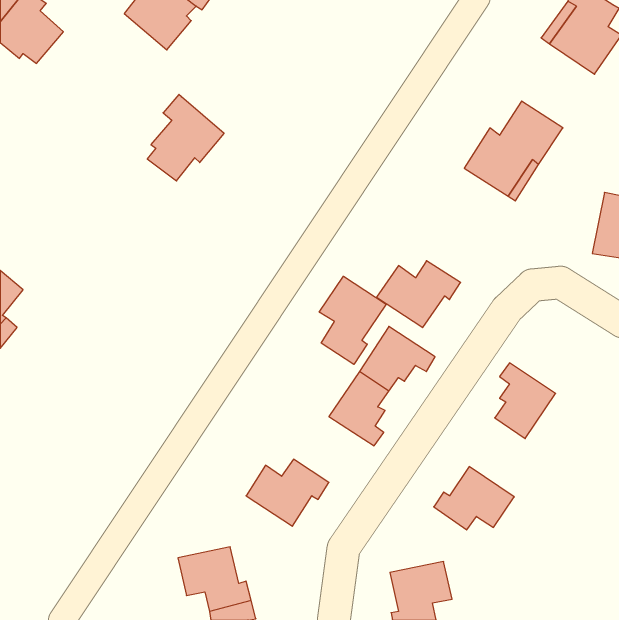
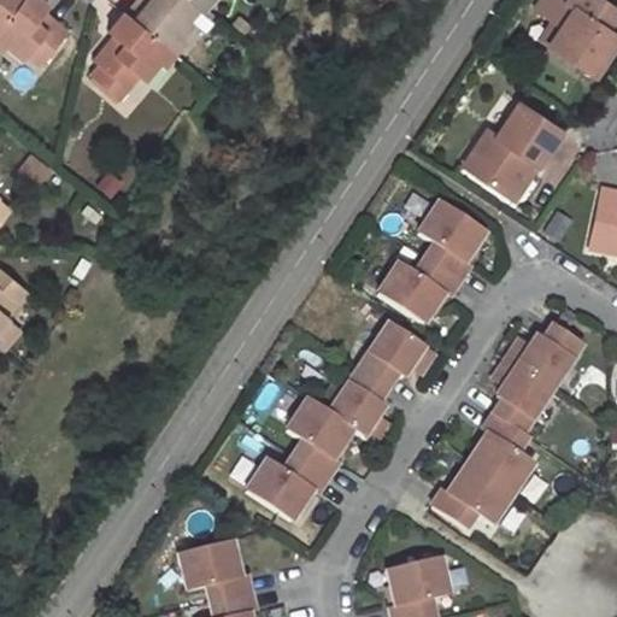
building: [147,94,224,181] -> [93,11,169,96]
building: none -> [418,202,484,280]
building: [319,276,386,364] -> none
building: none -> [507,323,583,389]
building: none -> [287,398,353,477]
building: none -> [468,413,533,492]

